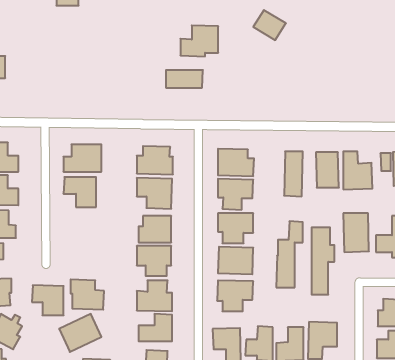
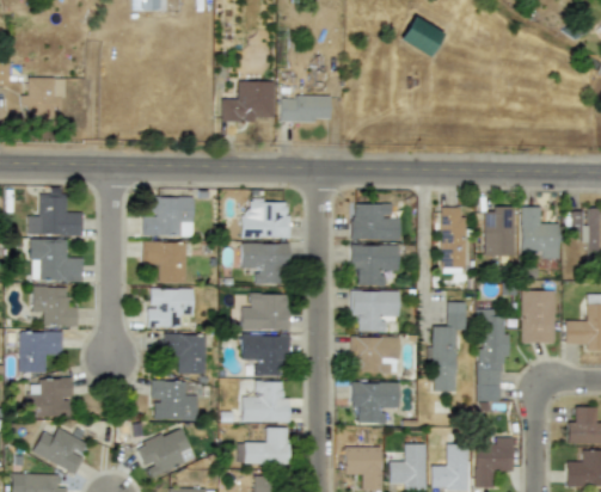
building: [180,25,218,56] -> [222,81,274,123]
building: none -> [147,289,194,328]
building: [32,285,64,315] -> [162,334,206,375]

